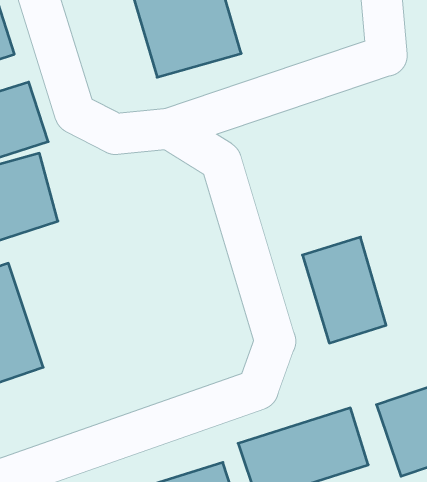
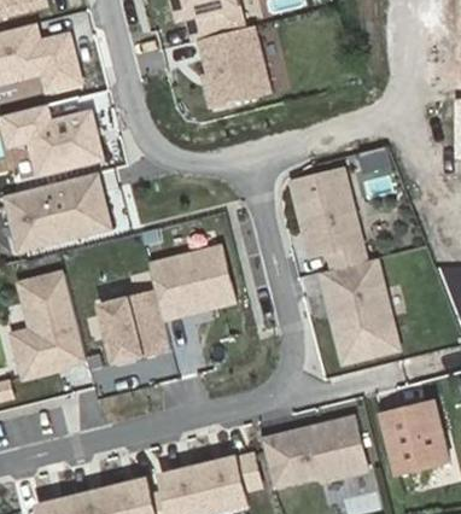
building: none -> [284,164,363,268]
building: none -> [162,244,239,314]
building: none -> [109,297,174,369]

